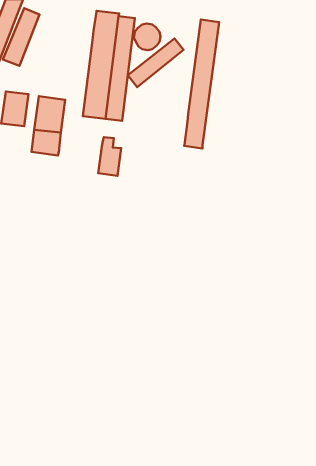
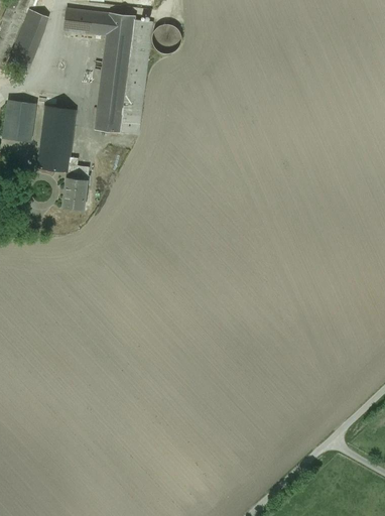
building: none -> [62,7,109,34]
building: [184,19,219,148] -> none
building: [128,39,184,87] -> none
building: [98,137,121,176] -> [61,167,87,210]

